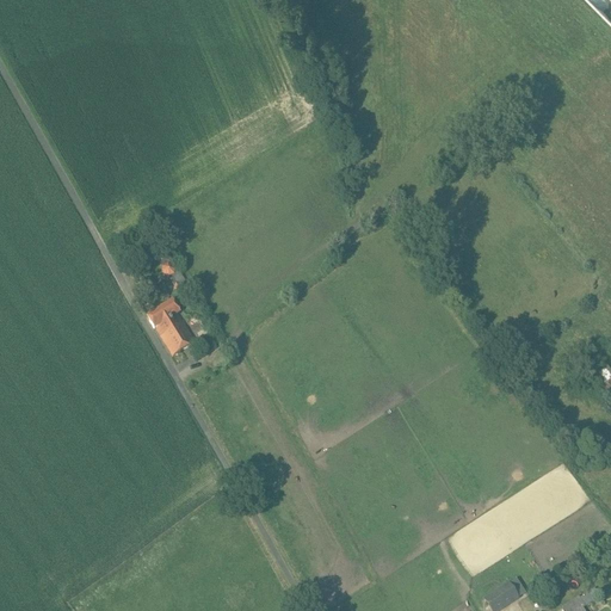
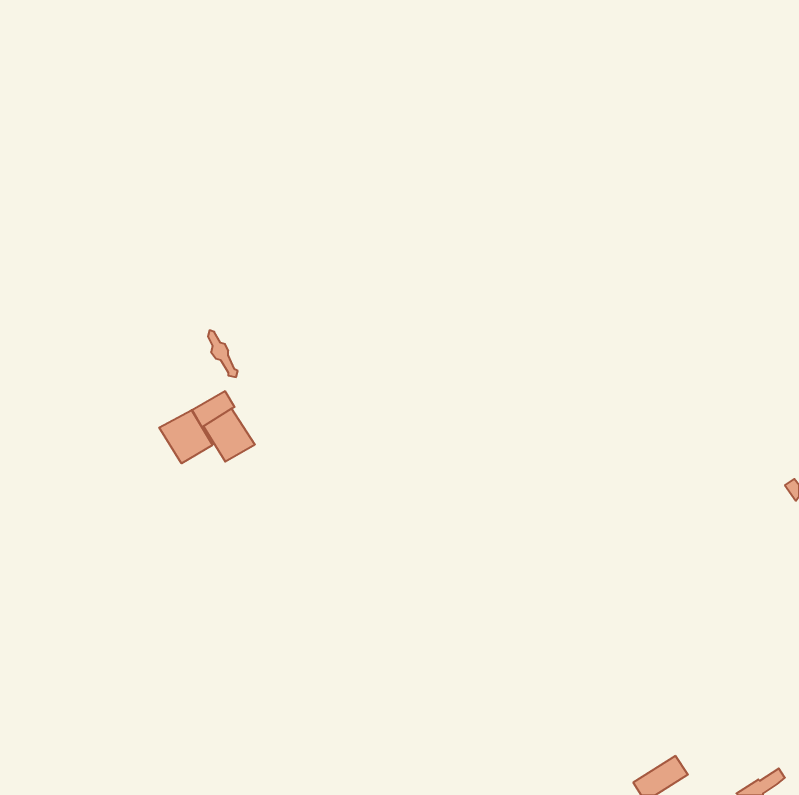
building: none -> [159,410,212,463]

